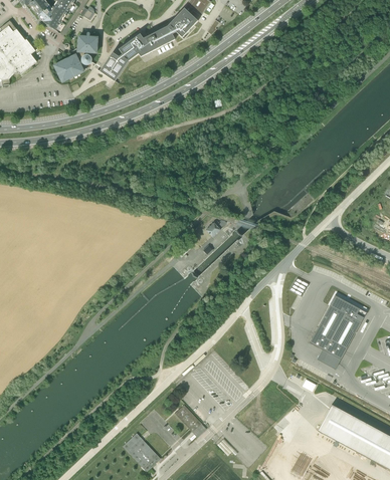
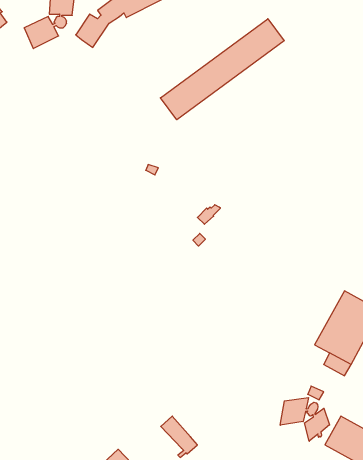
building: none -> [160,19,284,120]
building: none -> [280,398,330,441]

